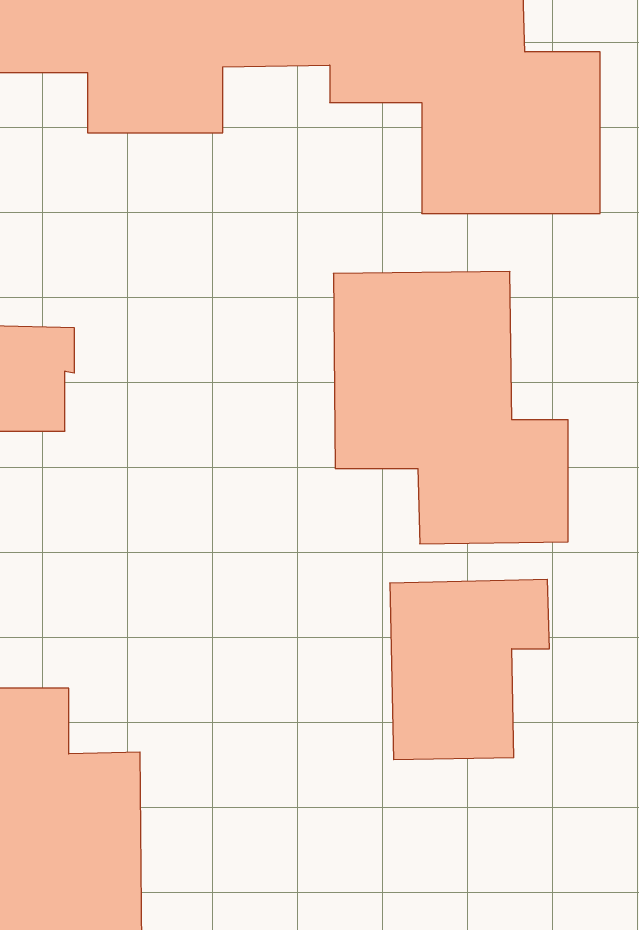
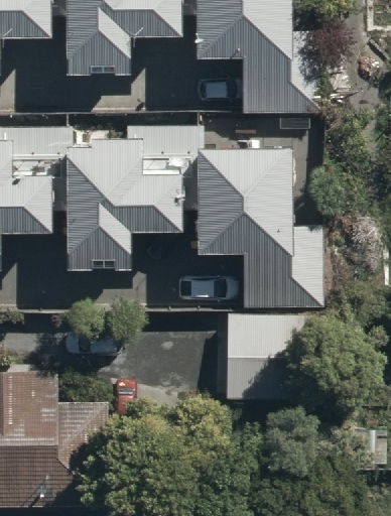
building: none -> [64,119,202,269]

